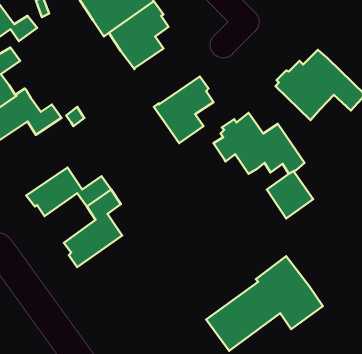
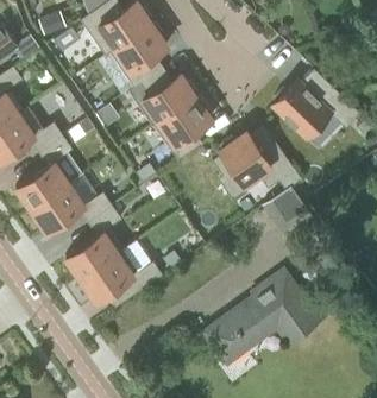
building: none -> [128,68,199,125]
building: none -> [17,135,73,211]
building: none -> [78,251,162,302]

